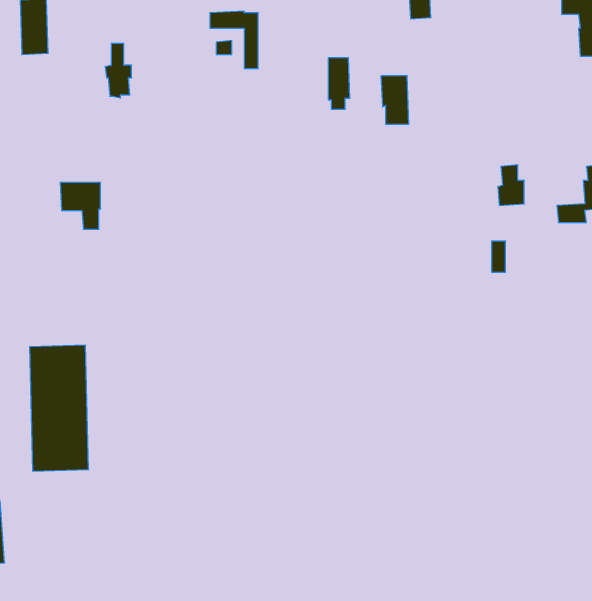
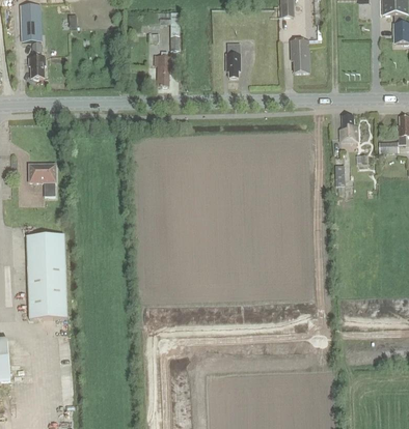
building: [105,43,132,98] -> [28,42,46,79]
building: none -> [155,50,171,85]
building: [381,76,409,124] -> [291,39,309,72]
building: [60,183,101,229] -> [29,164,56,195]

